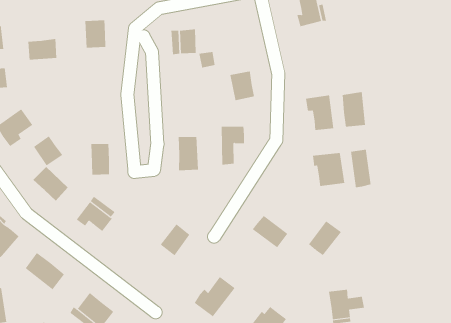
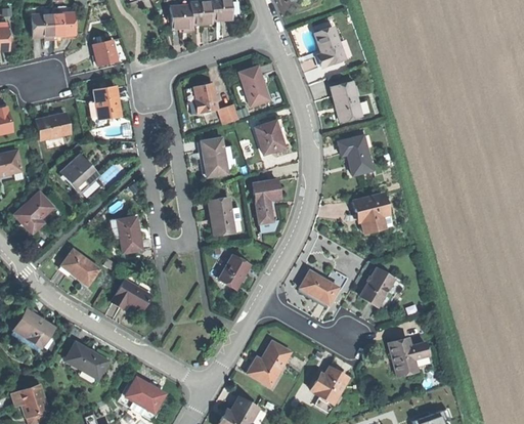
building: none -> [239,66,269,105]
building: none -> [202,138,227,176]
building: [342,92,366,127] -> [332,81,361,121]
building: [33,135,63,166] -> [61,158,94,190]
building: [351,149,371,188] -> none
building: [160,223,190,256] -> [219,254,250,289]

